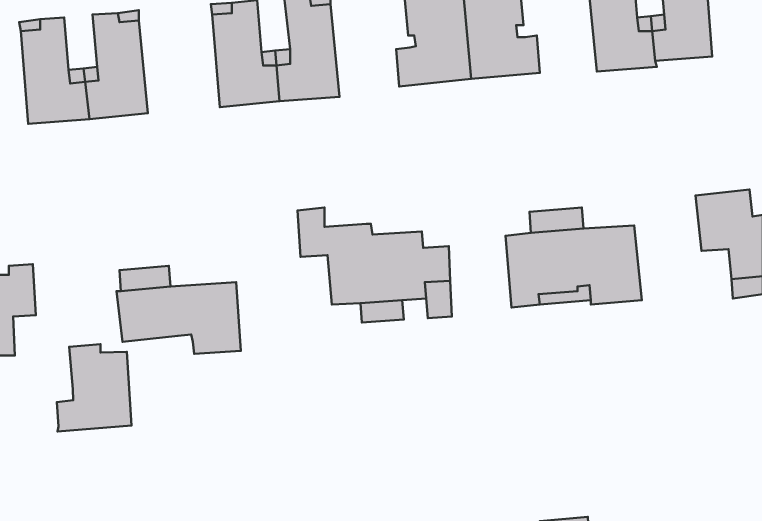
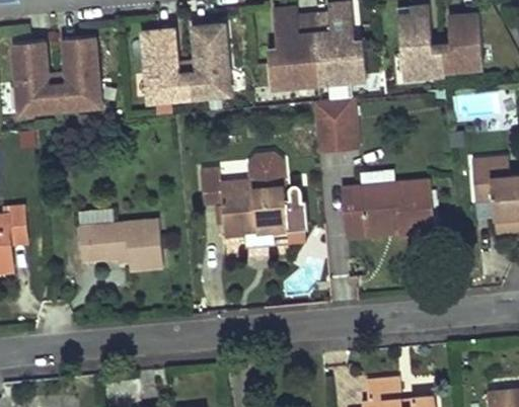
building: none -> [314,99,359,152]
building: none -> [247,153,286,188]
building: [57,344,132,431] -> none

